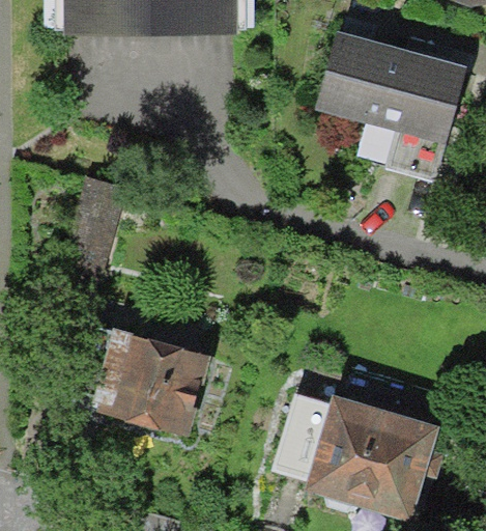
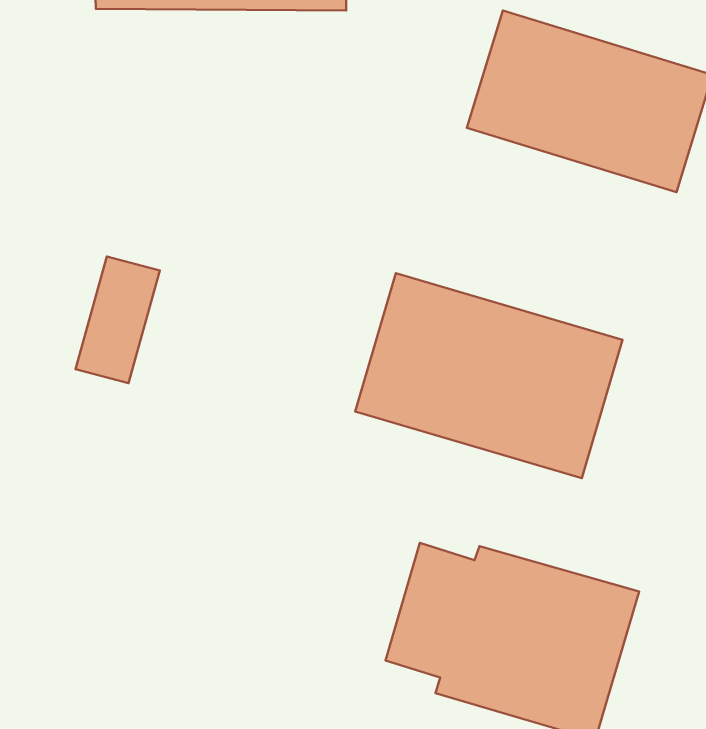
building: none -> [355,273,623,478]
building: [105,334,211,440] -> none

